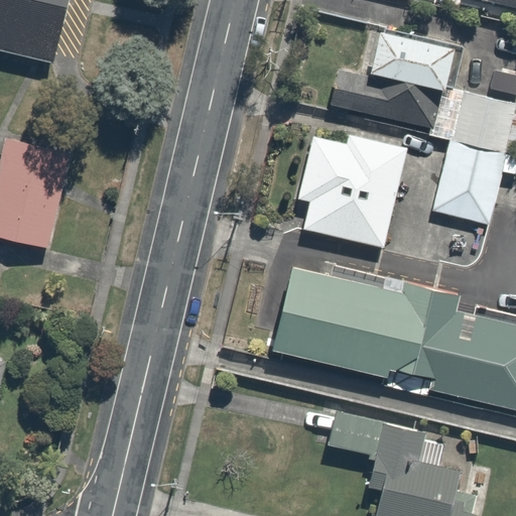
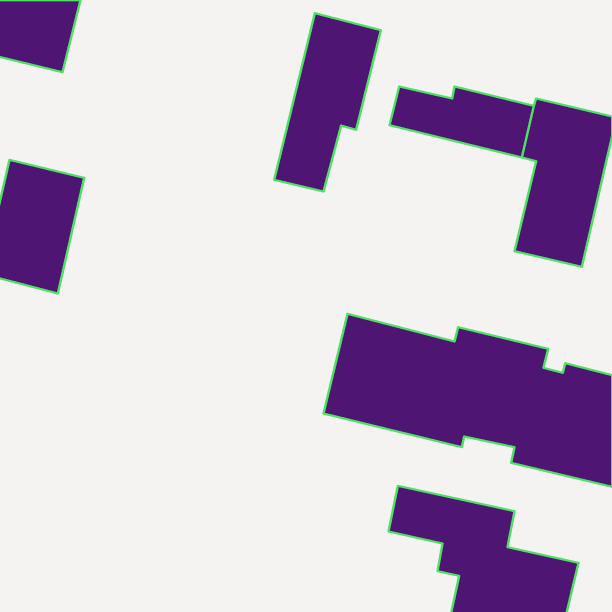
building: none -> [274,13,381,192]
building: [374,30,458,91] -> none
building: [296,136,412,251] -> none

